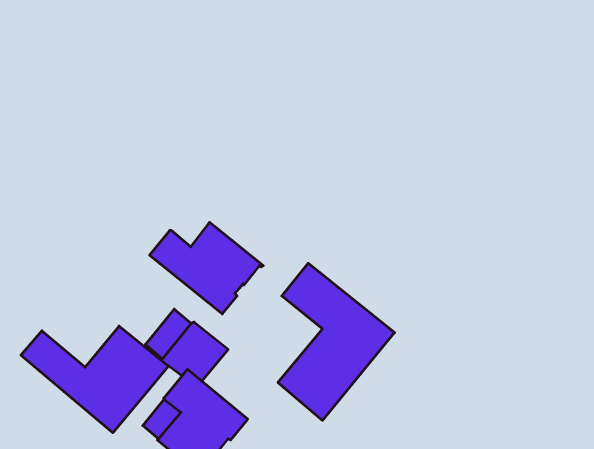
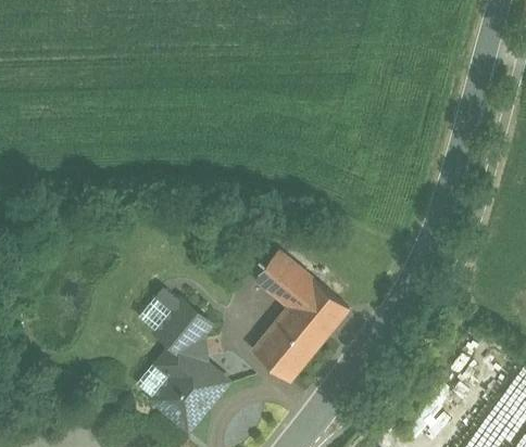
building: [150,222,263,314] -> none
building: [21,326,169,433] -> none

